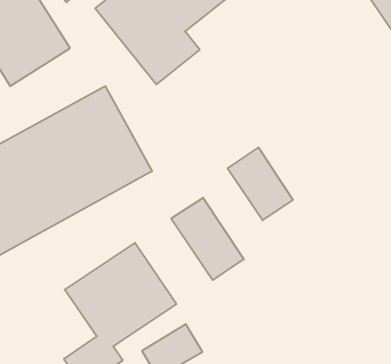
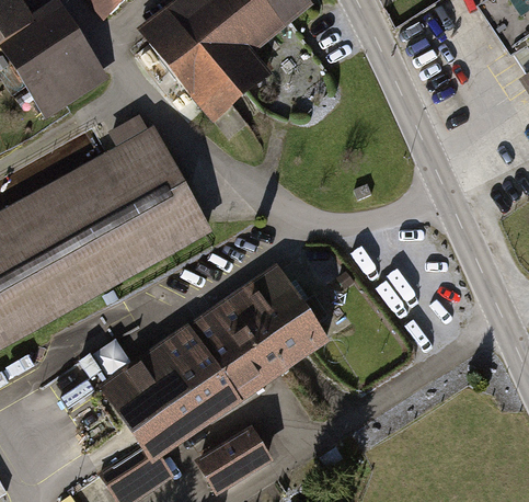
building: [228,147,293,220] -> none
building: none -> [189,292,288,400]

